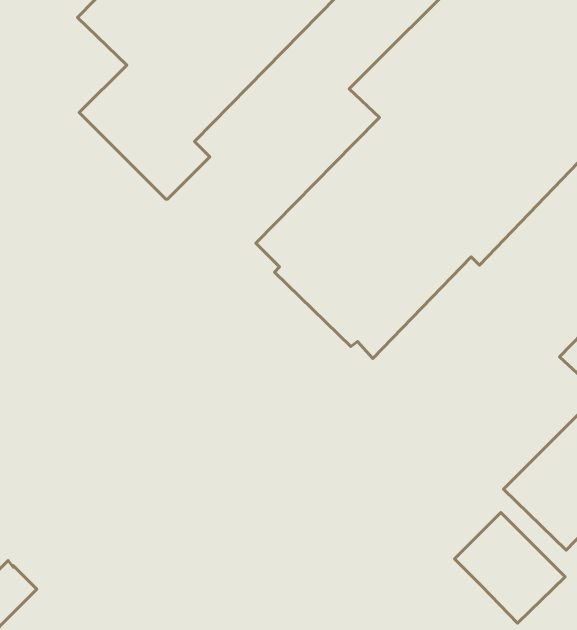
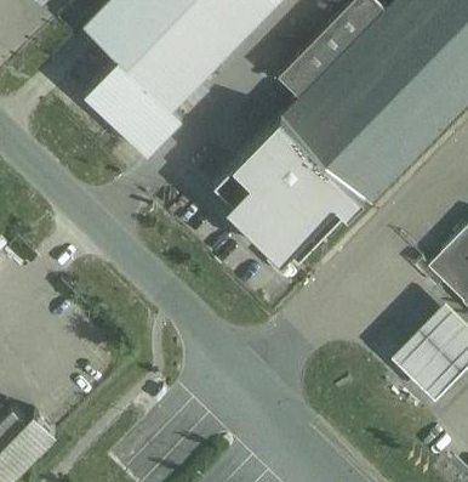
building: [455,513,565,623] -> none

